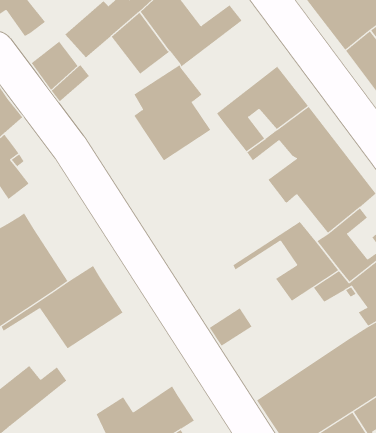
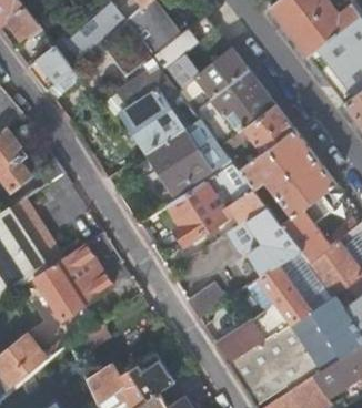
building: none -> [162,49,248,112]
building: none -> [147,120,229,195]
building: none -> [168,183,268,246]
building: none -> [214,266,312,366]

